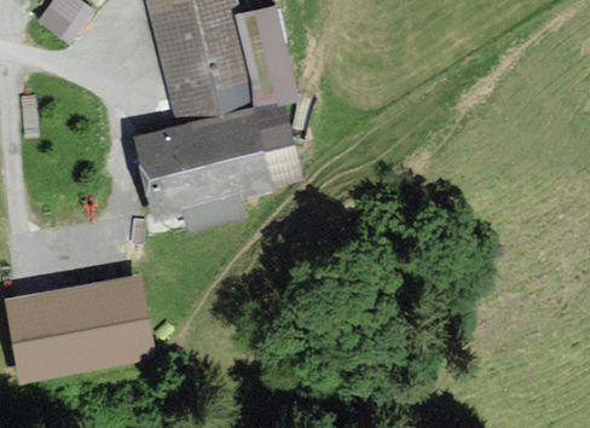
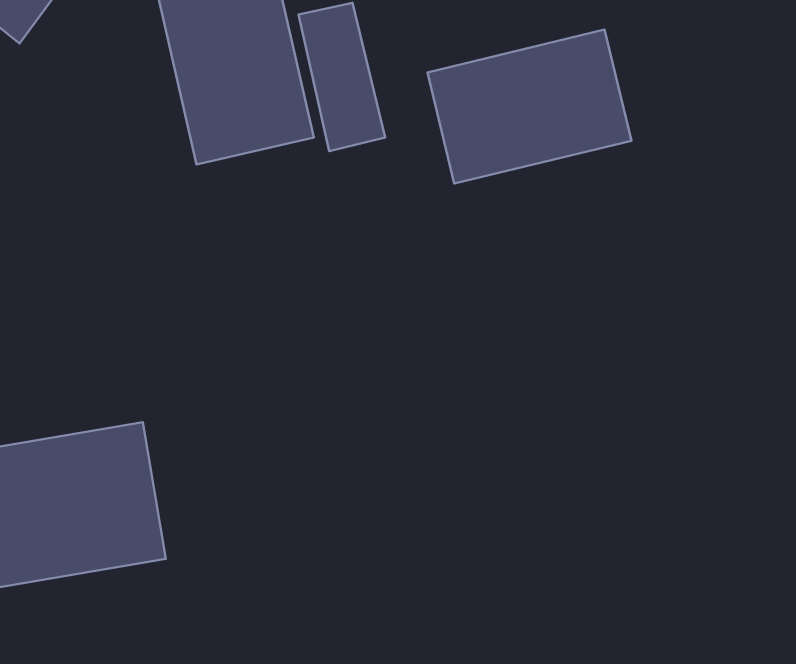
building: none -> [427,30,632,184]
building: [134,111,296,210] -> none

